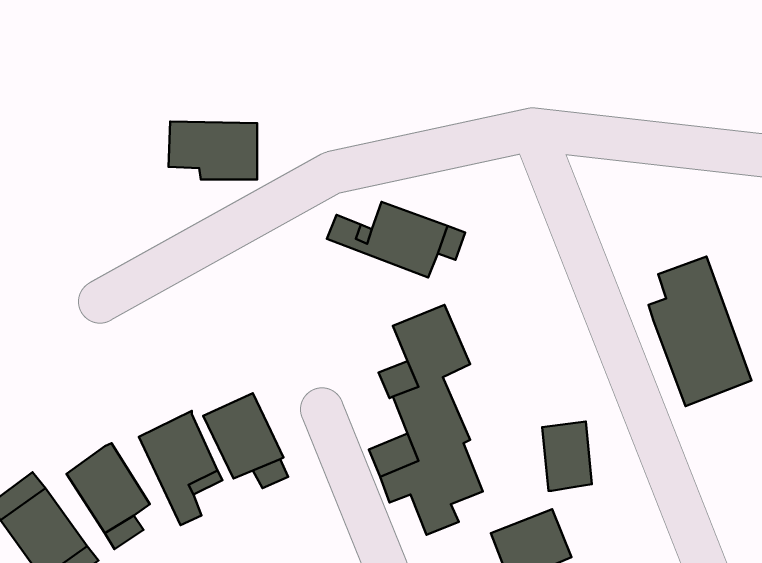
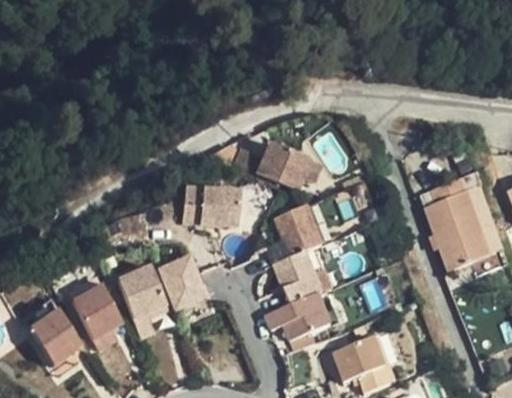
building: [169,122,257,180] -> [180,190,235,226]
building: [542,422,592,491] -> none

